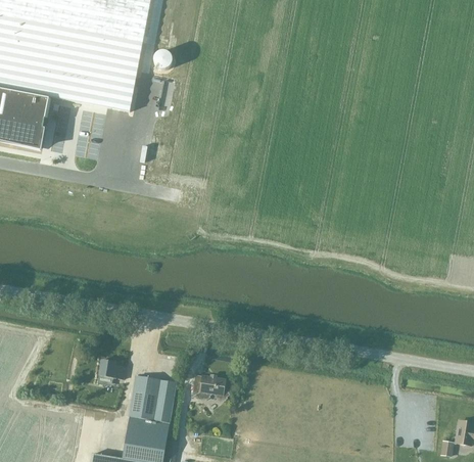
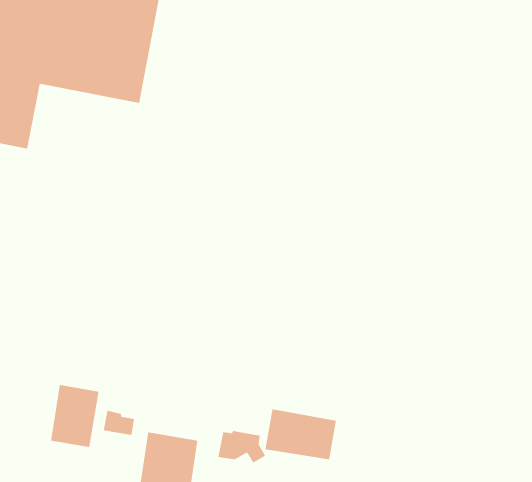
building: none -> [51,384,99,448]
building: none -> [265,409,336,460]

